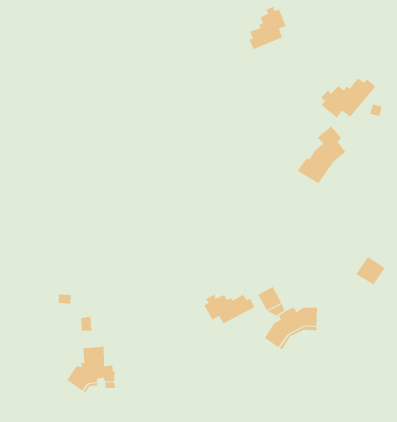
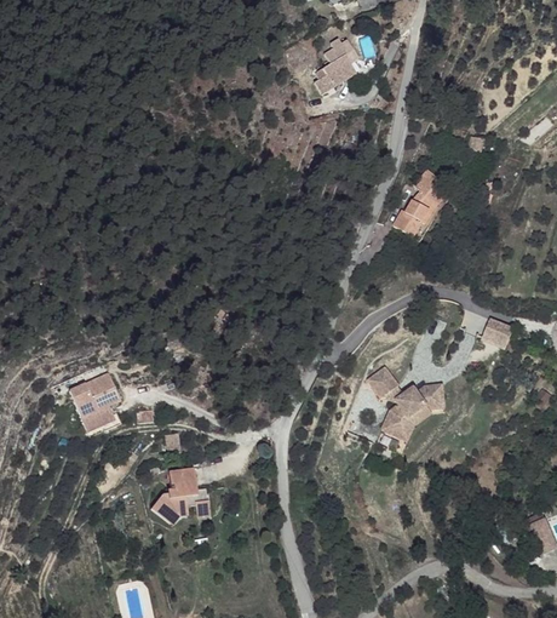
building: [320,78,376,118] -> none
building: none -> [67,373,119,433]
building: [203,294,255,324] -> none

